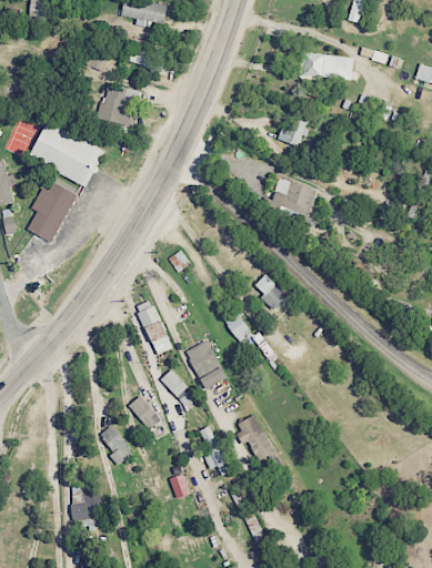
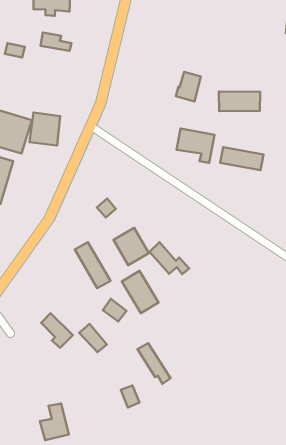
building: [302,52,353,81] -> [219,91,260,111]
building: [97,83,137,125] -> [30,113,60,146]
building: none -> [220,147,264,170]
building: [251,274,288,310] -> none
building: none -> [114,228,149,265]
building: [234,416,274,463] -> none
building: [99,425,134,467] -> [41,313,73,348]

